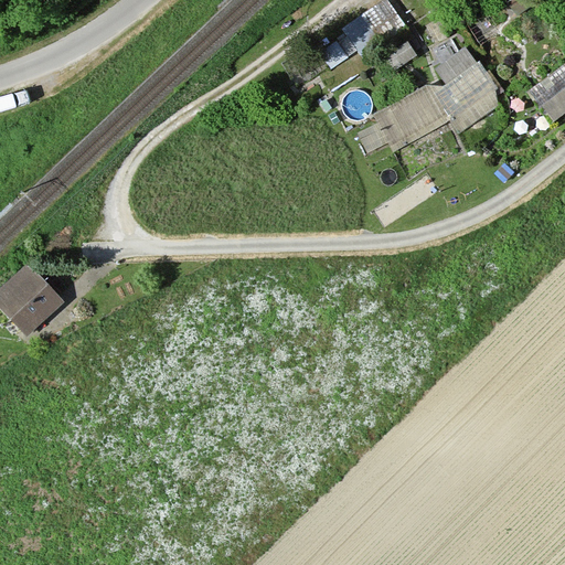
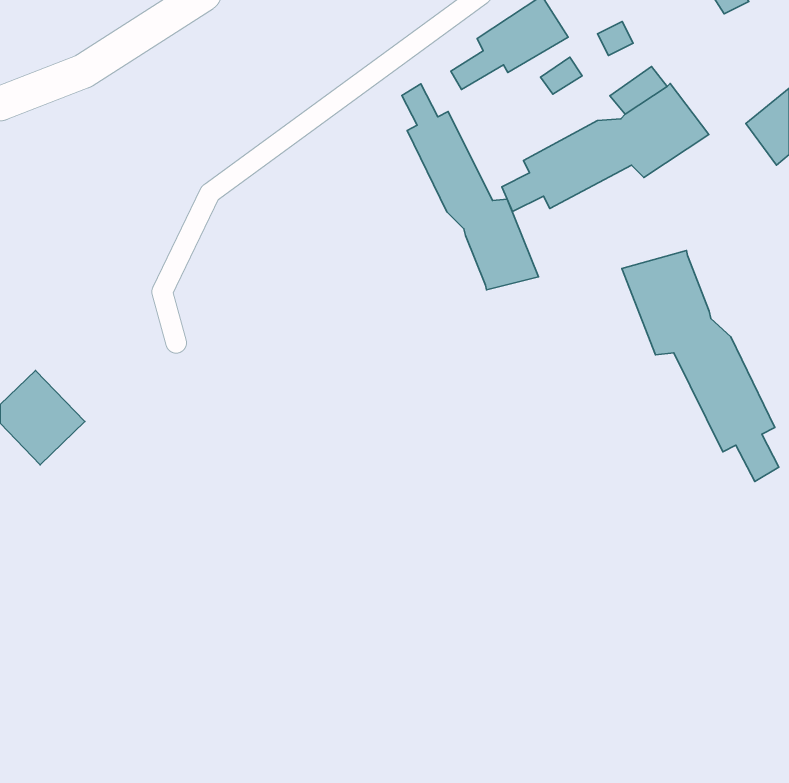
building: none -> [402,84,538,290]
building: none -> [622,250,779,482]

